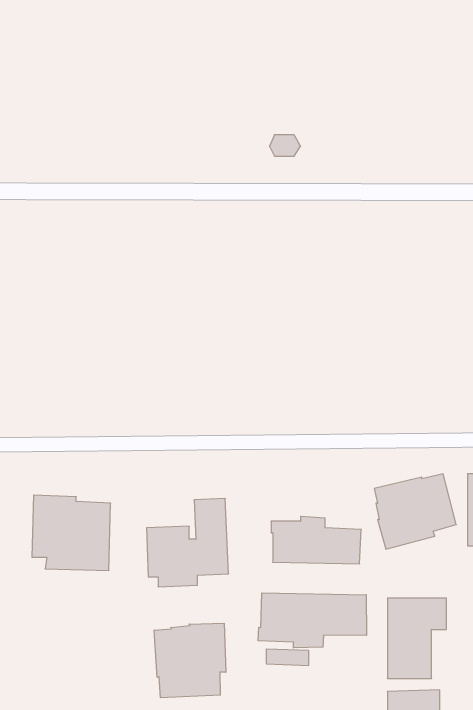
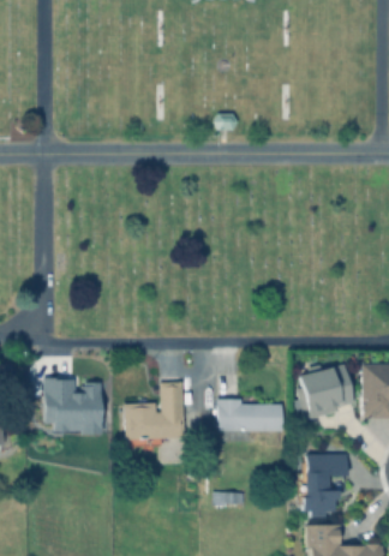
building: [258,593,367,648] -> none
building: [154,623,226,698] -> none

